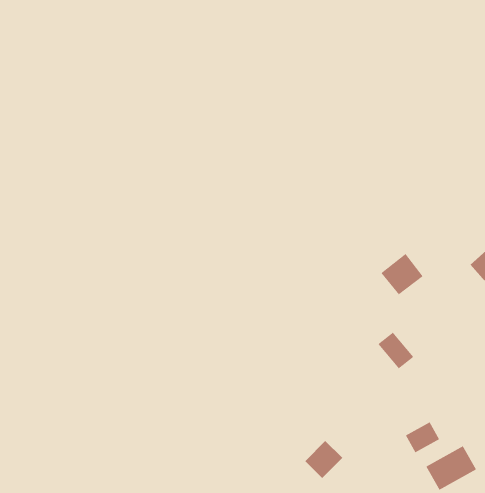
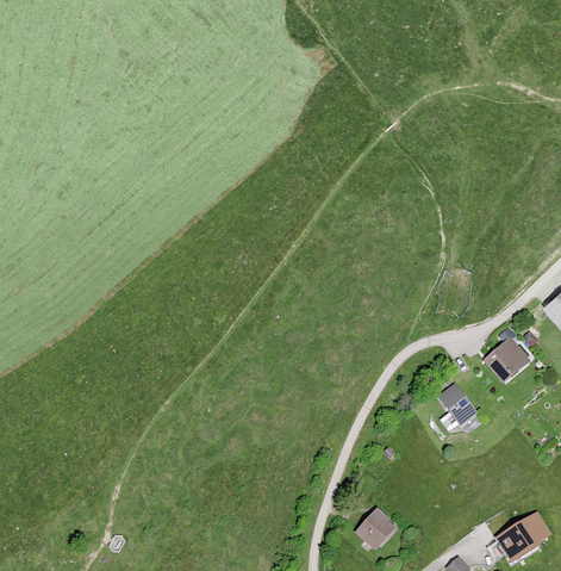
building: [381,253,423,295] -> [482,336,531,384]
building: [405,421,440,453] -> none

